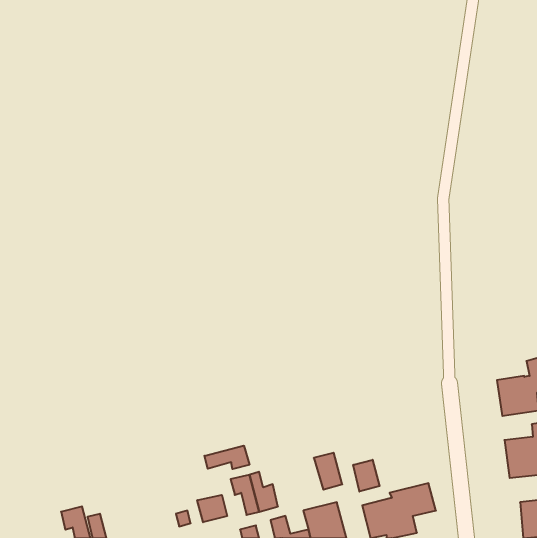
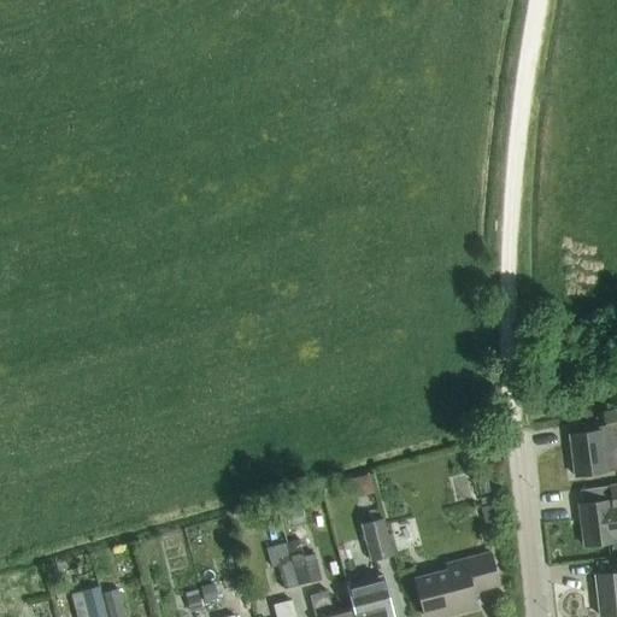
building: [204,446,249,469] -> none
building: [353,460,380,492] -> none
building: [197,495,227,522] -> none

